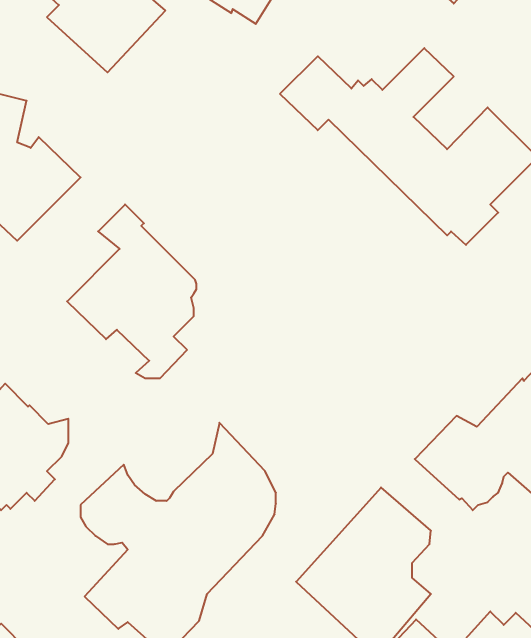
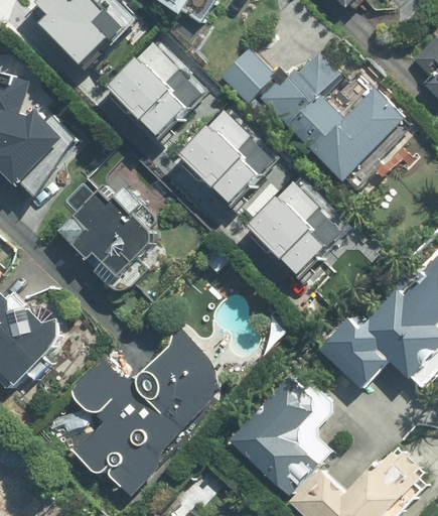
building: none -> [112,40,202,129]
building: none -> [183,109,273,199]
building: none -> [253,178,347,272]

